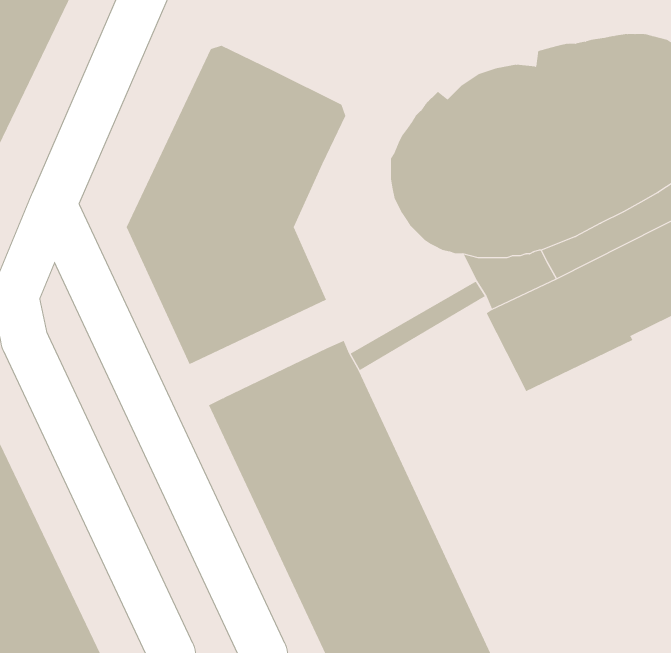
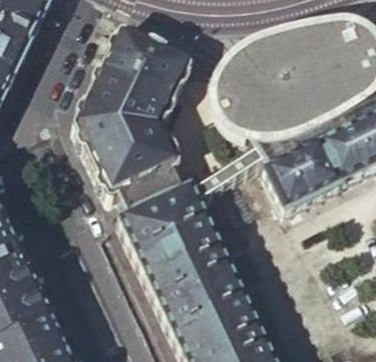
building: none -> [110,159,182,211]

